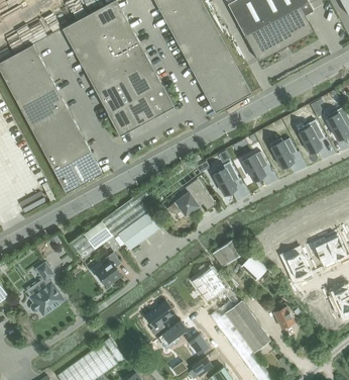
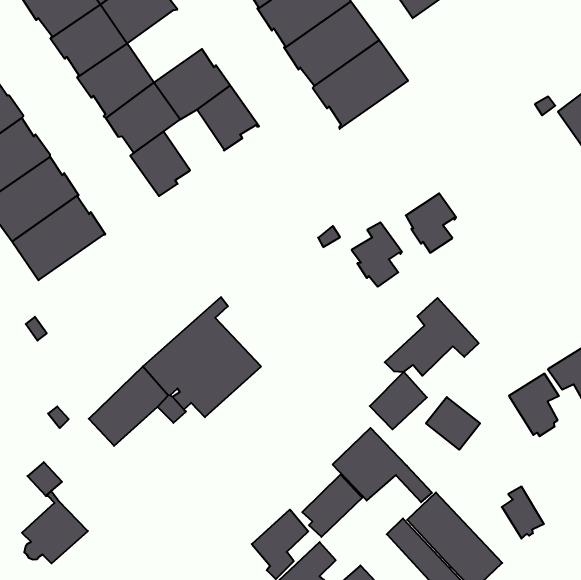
building: [112,42,150,78] -> none
building: [125,94,154,125] -> none
building: [297,119,323,152] -> none
building: [268,137,296,167] -> none
building: [53,152,102,193] -> none
building: [166,179,215,217] -> [385,298,479,376]
building: [97,253,119,285] -> none
building: none -> [302,474,362,537]

